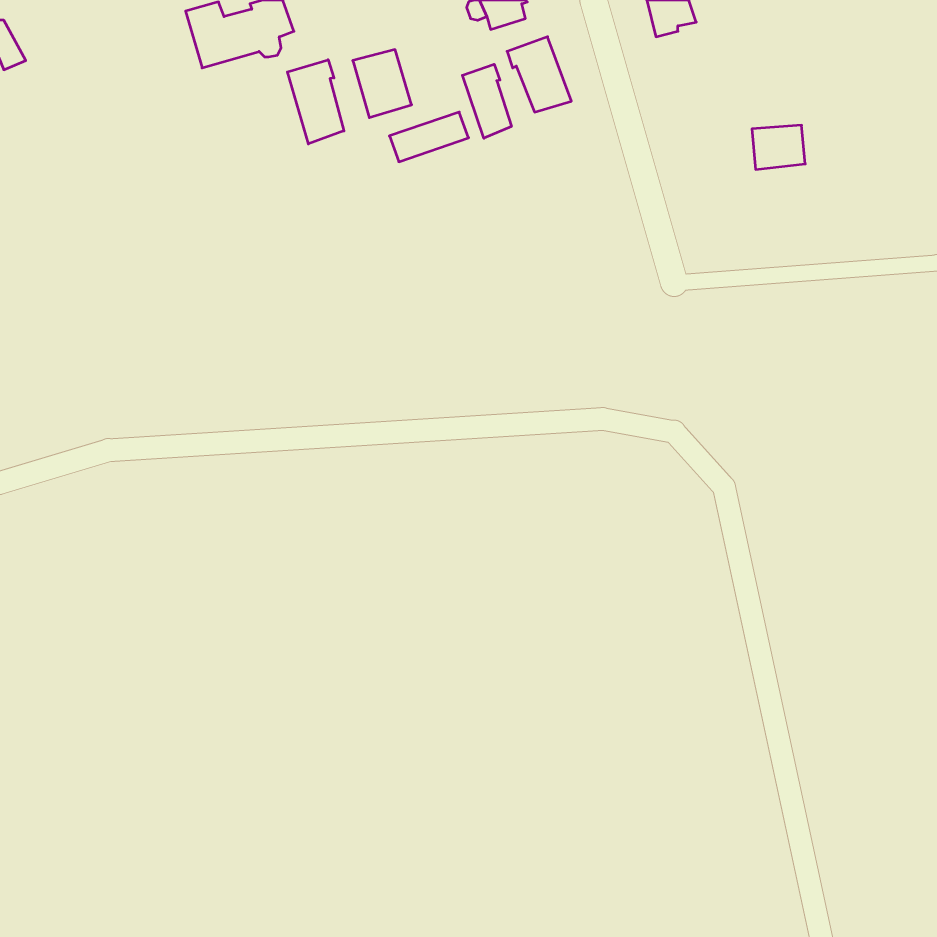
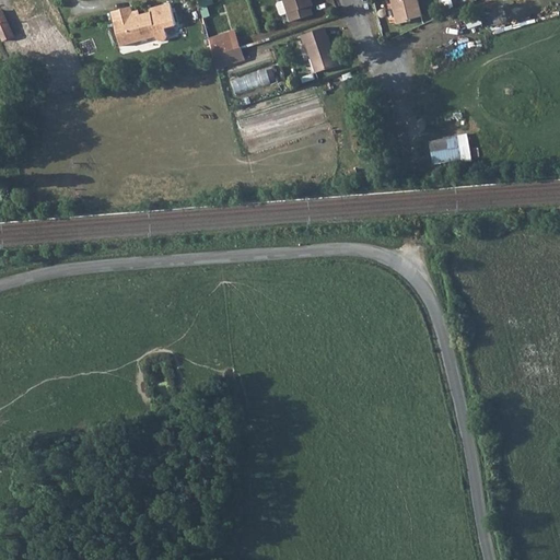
building: [287,60,344,144] -> none
building: [462,64,511,138] -> none
building: [752,125,805,169] -> [431,138,463,164]

